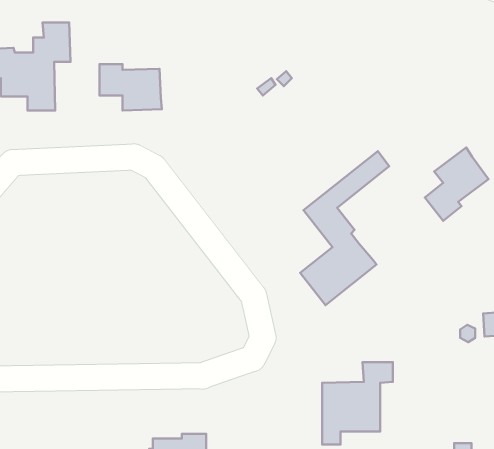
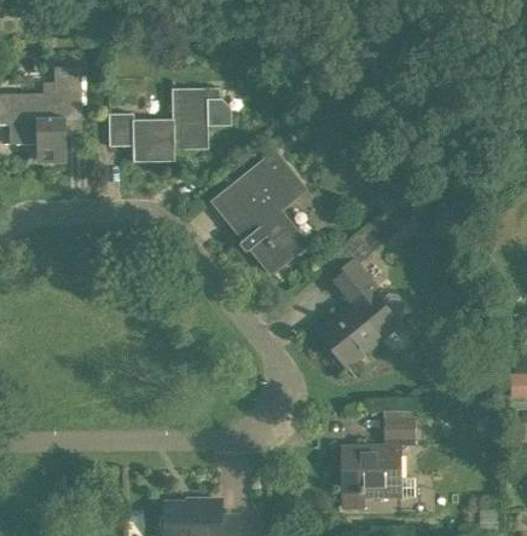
building: none -> [173,88,232,149]
building: none -> [214,152,303,272]
building: [425,148,488,221] -> none

